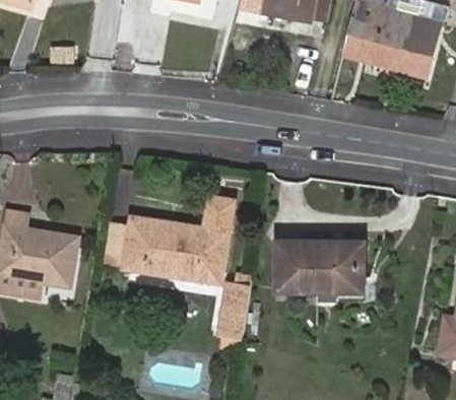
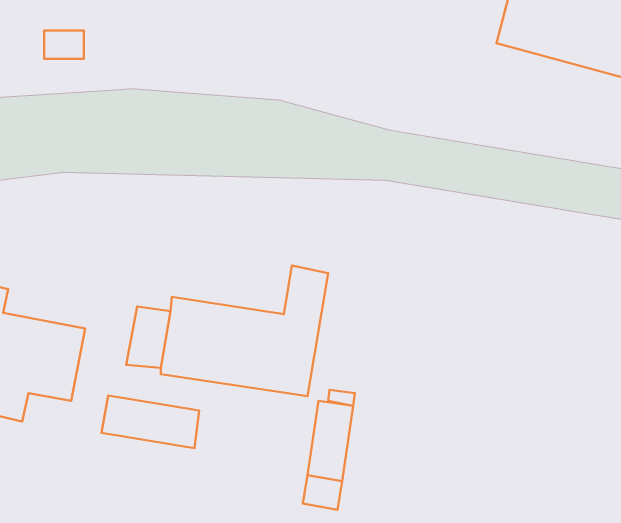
building: [278,242,362,292] -> none
building: none -> [102,395,199,448]

